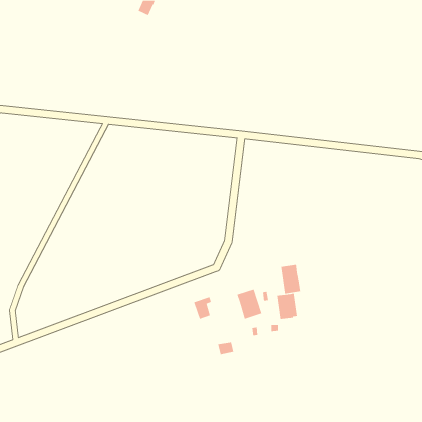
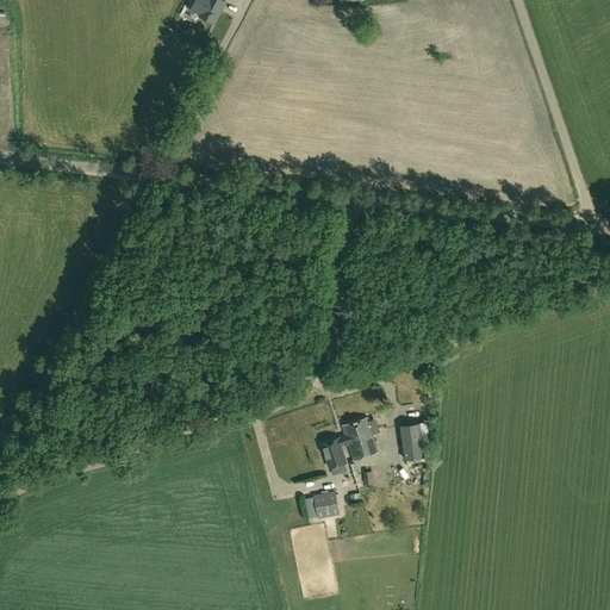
building: [281,264,301,294] -> none
building: [194,296,212,320] -> [320,436,347,469]

